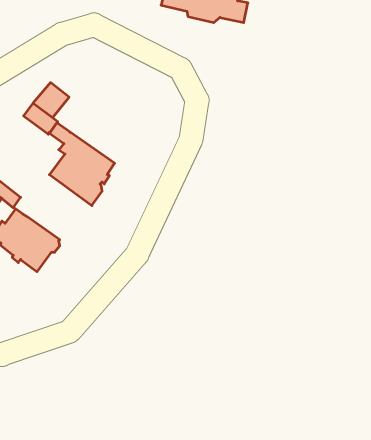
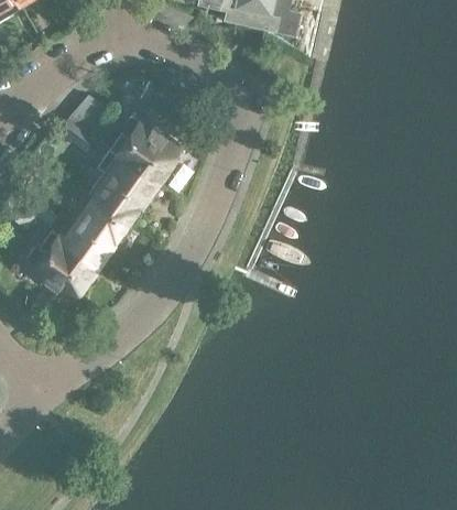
building: none -> [110,113,182,180]
building: none -> [59,192,133,261]

